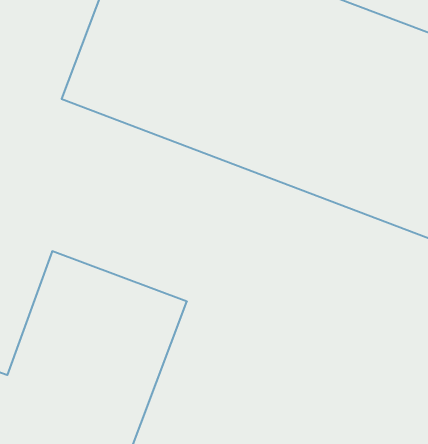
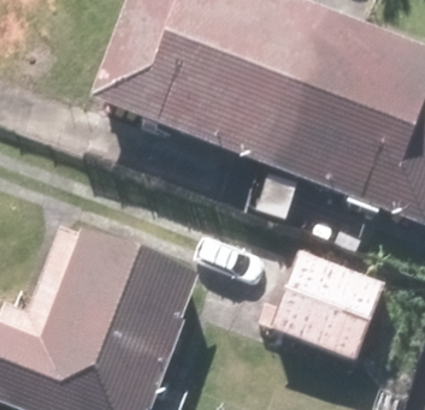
building: none -> [268,248,388,360]

